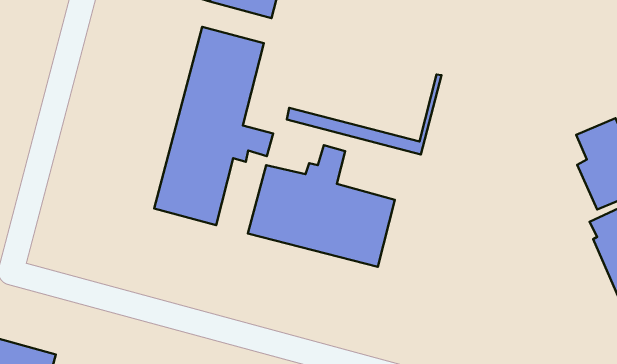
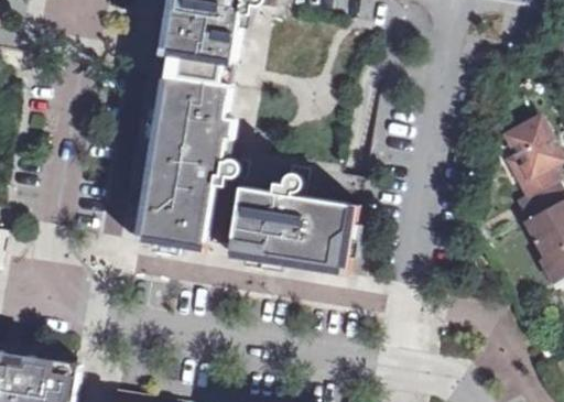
building: none -> [132,73,203,251]
building: [287,75,442,155] -> [229,206,357,275]

